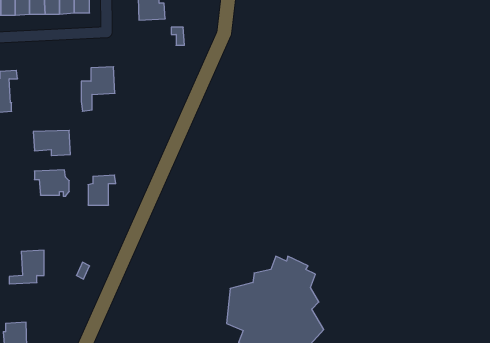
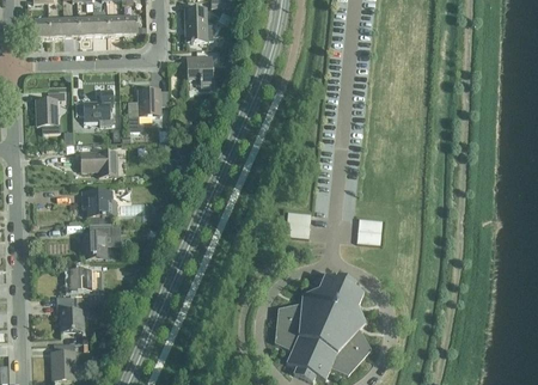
building: none -> [187,53,214,85]
building: none -> [74,87,114,123]
building: [88,175,116,205] -> [85,224,112,253]
building: none -> [57,301,85,329]

